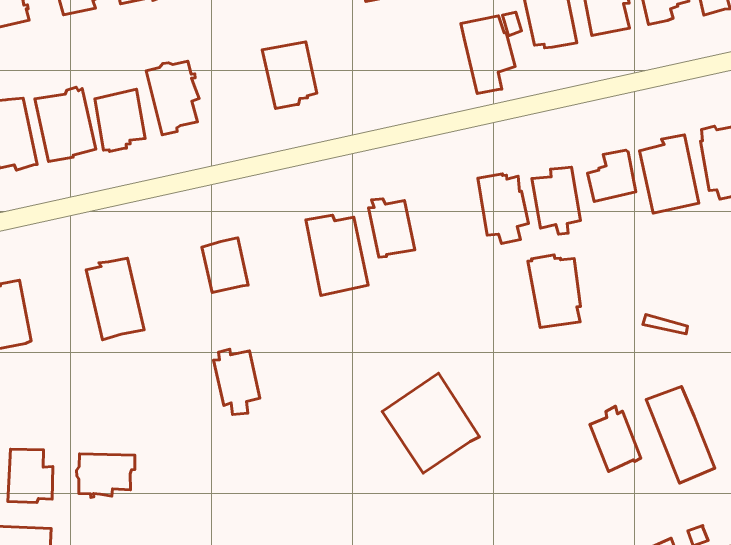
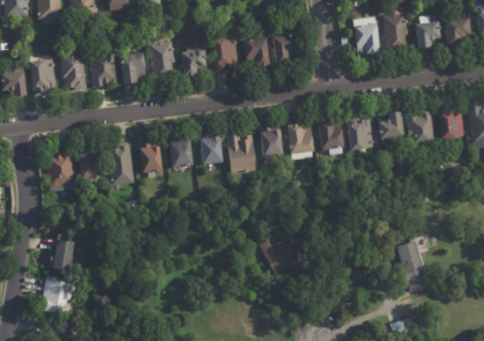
building: [461,16,515,93] -> [272,28,298,68]
building: none -> [244,39,271,71]
building: none -> [181,51,208,79]
building: none -> [200,134,223,164]
building: [528,255,581,328] -> [288,122,314,160]
building: none -> [79,150,100,179]
building: [214,349,260,414] -> [142,142,164,177]
building: [590,406,641,471] -> none
building: [76,454,135,497] -> none

